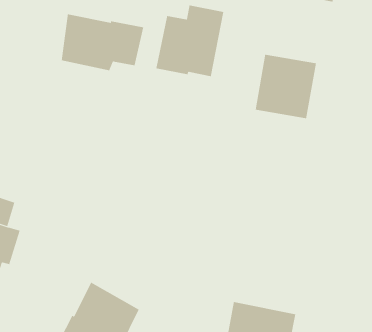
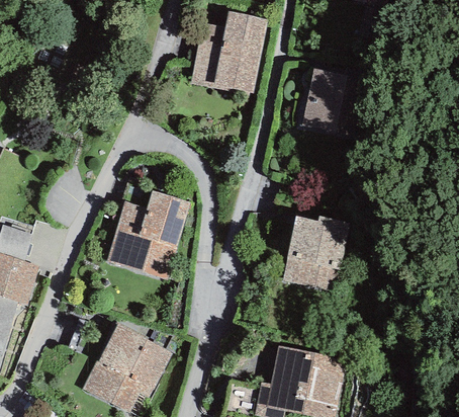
building: [61,13,144,71] -> none
building: none -> [106,191,189,279]
building: none -> [281,216,353,293]

